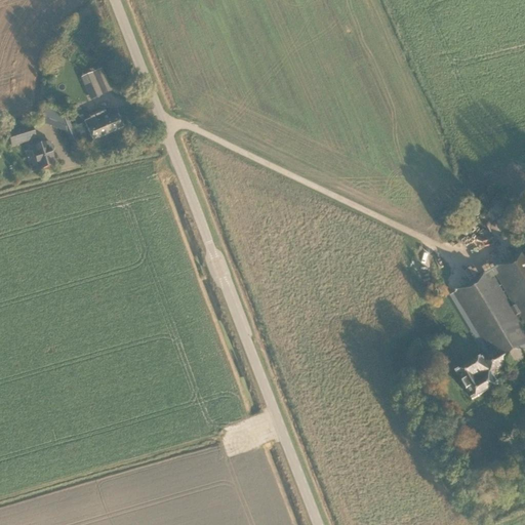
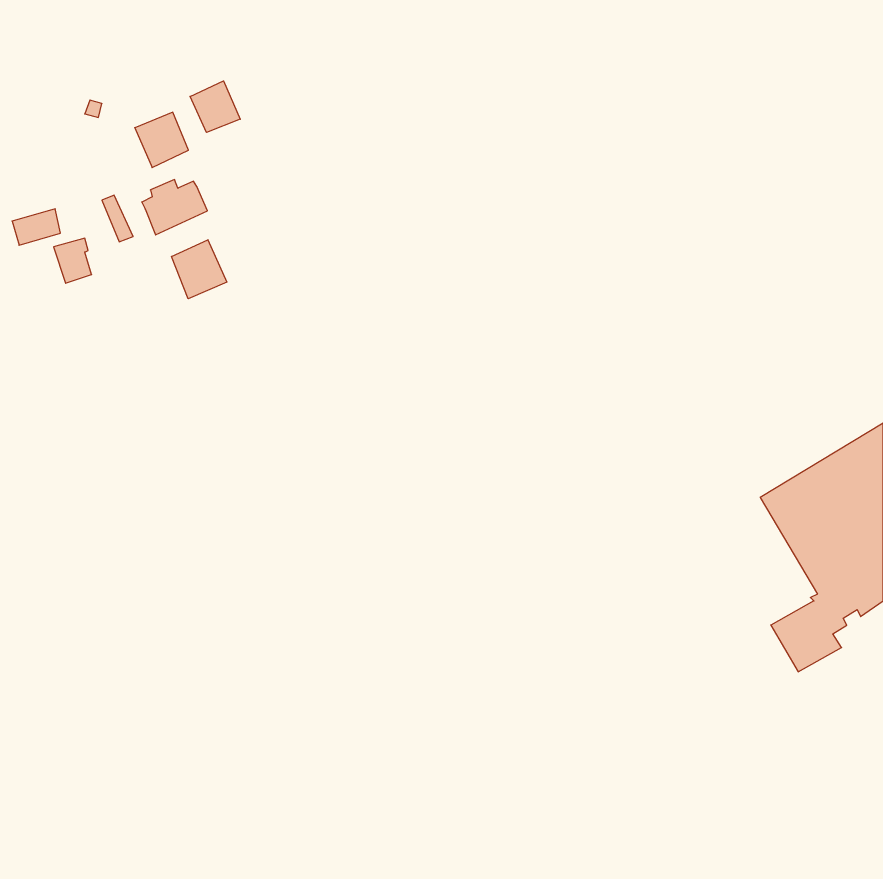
building: none -> [190,81,240,132]
building: none -> [172,240,227,299]

